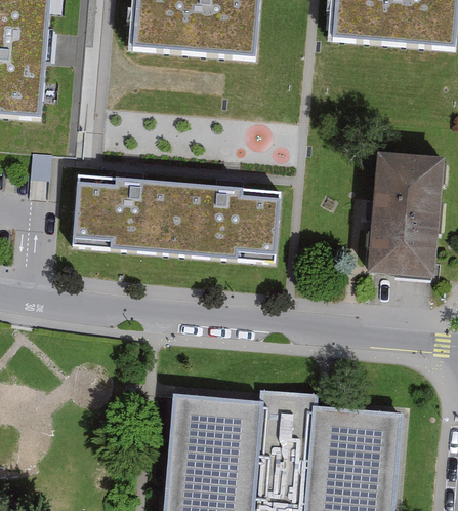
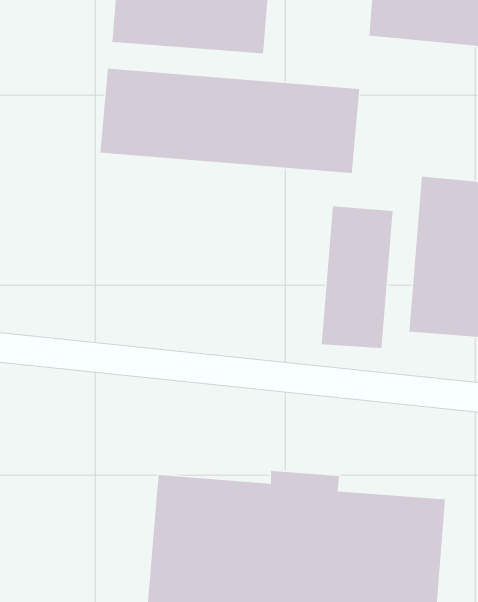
building: [72,176,279,261] -> [99,68,360,174]
building: none -> [321,205,393,349]

